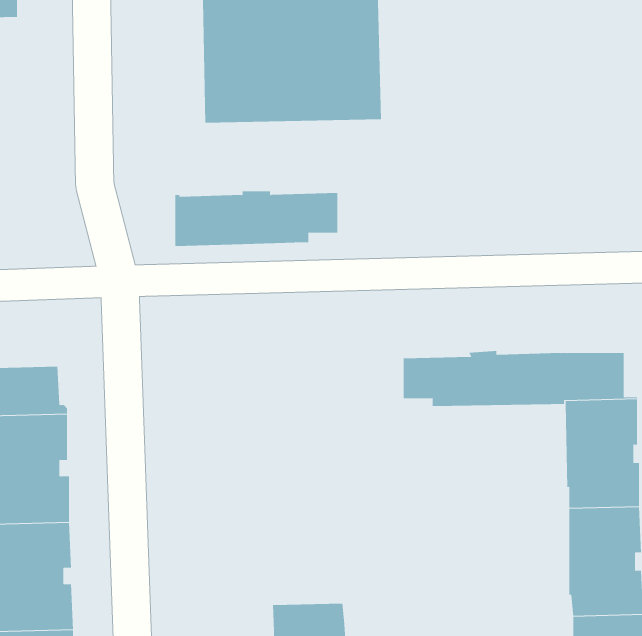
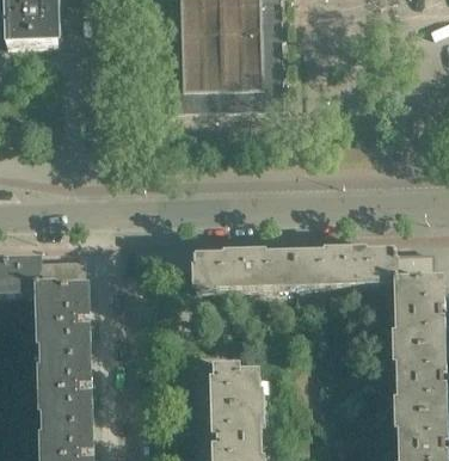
building: [174,191,338,247] -> [192,252,294,287]
building: none -> [213,365,258,406]

